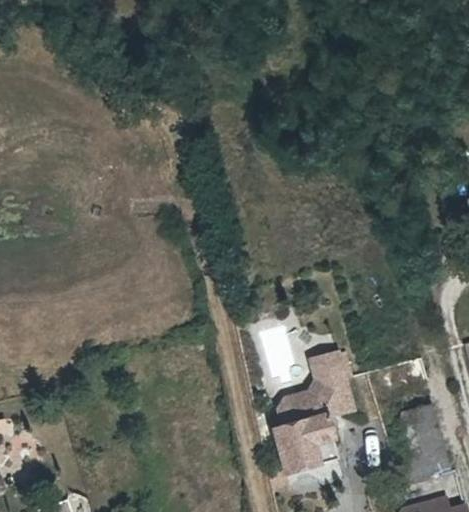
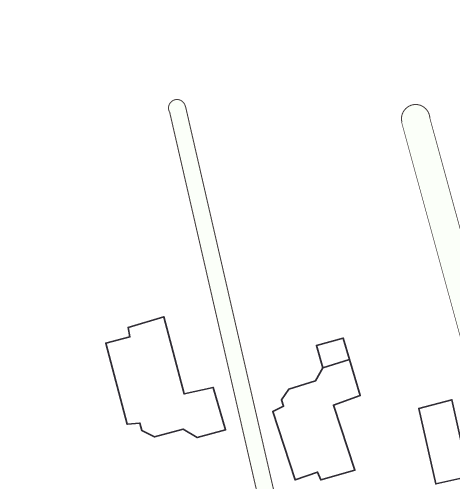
building: none -> [106,317,226,437]

